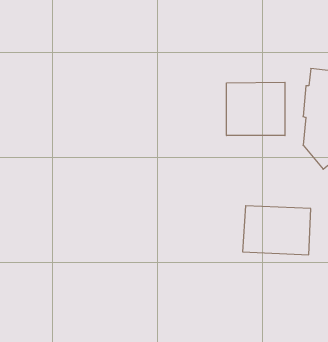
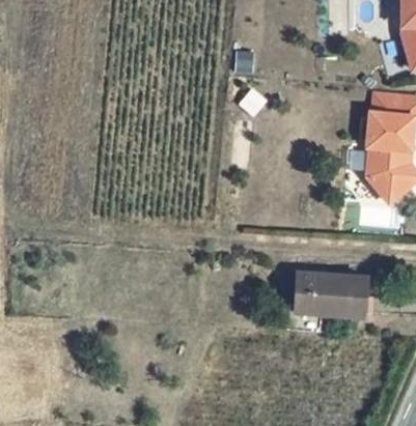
building: [227,82,285,136] -> none

